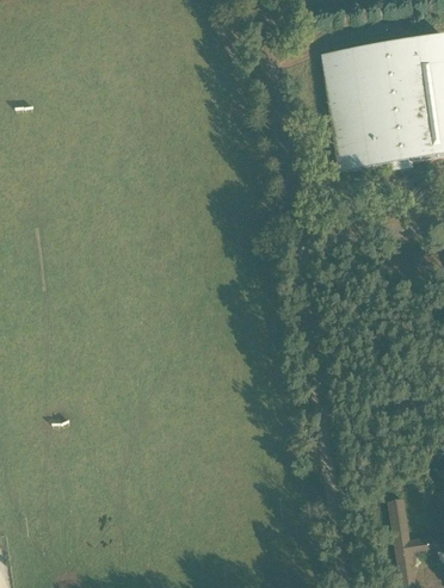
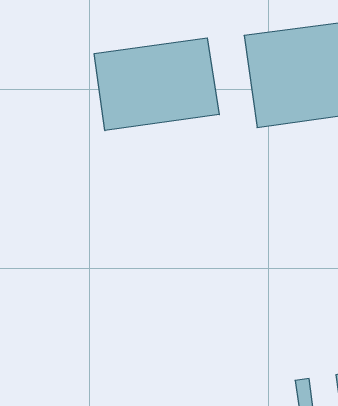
building: none -> [94,38,219,131]

